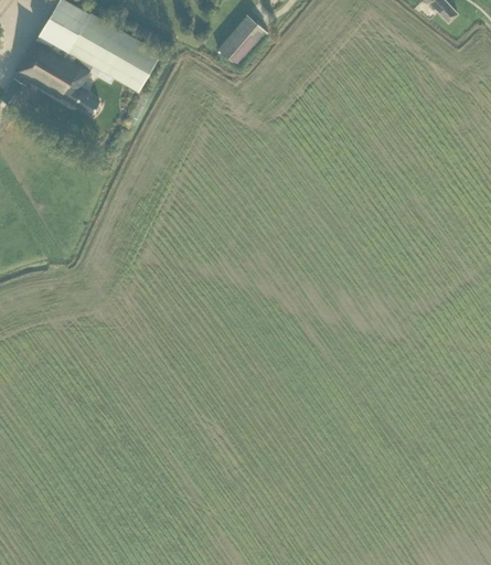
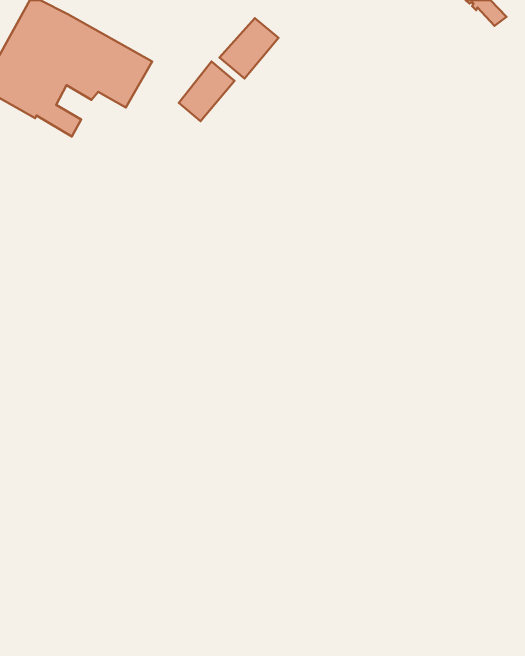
building: none -> [179,62,234,121]

